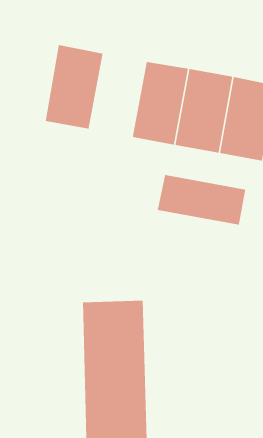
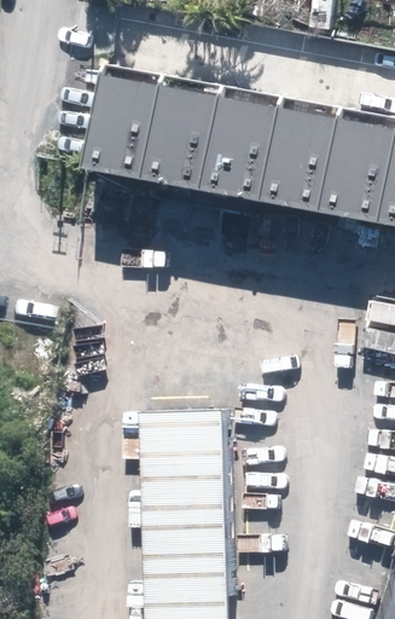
building: none -> [149,77,226,192]
building: [157,174,246,226] -> none

